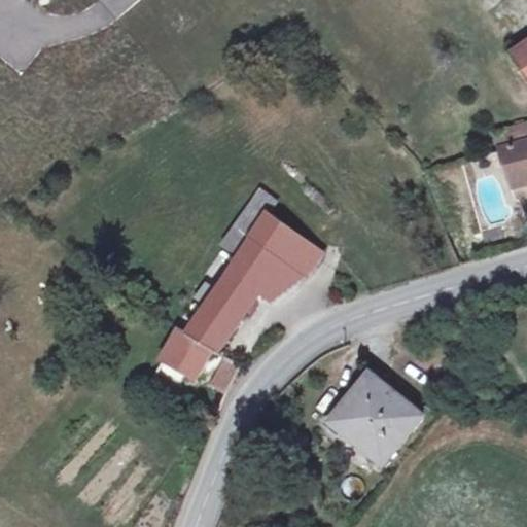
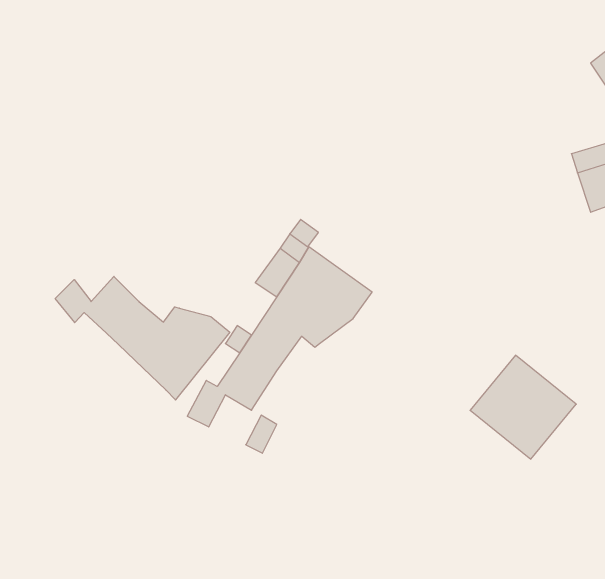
building: none -> [55,276,230,400]
building: [332,374,424,463] -> [470,355,576,459]

